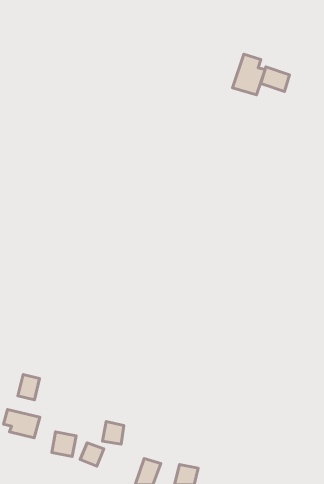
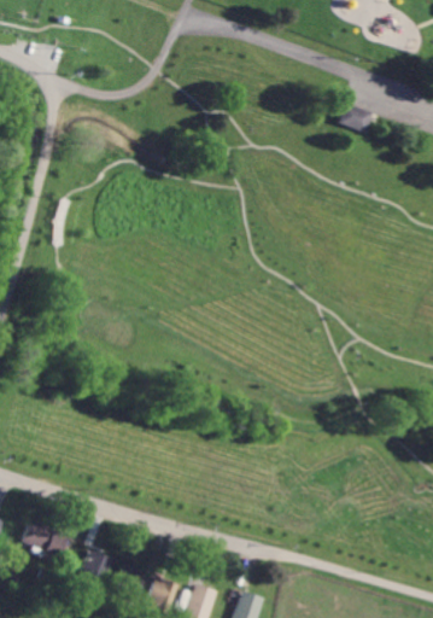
building: [233,54,265,95] -> none
building: [18,375,40,400] -> none
building: [102,422,124,444] -> [150,577,176,605]

